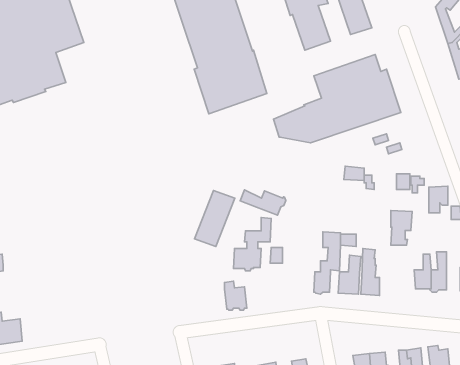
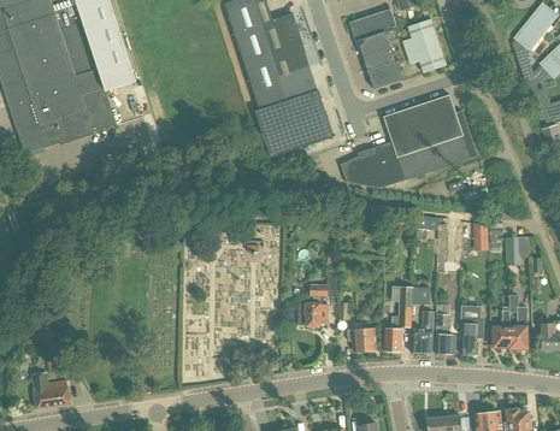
building: [240,190,286,215] -> none
building: [195,190,235,246] -> none
building: [391,210,412,245] -> [460,317,483,354]
building: [224,281,247,310] -> [352,321,376,353]

